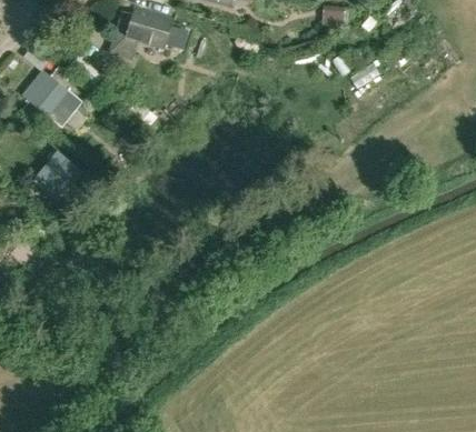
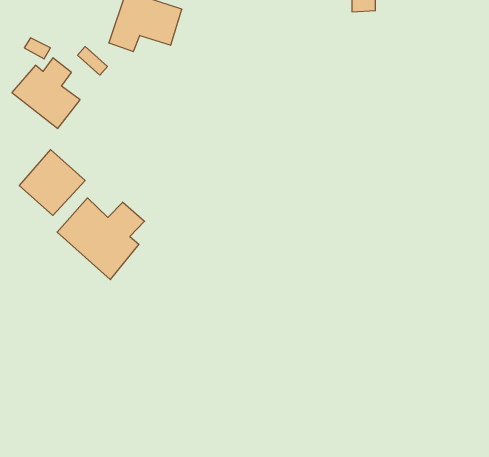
building: none -> [57,198,145,280]

